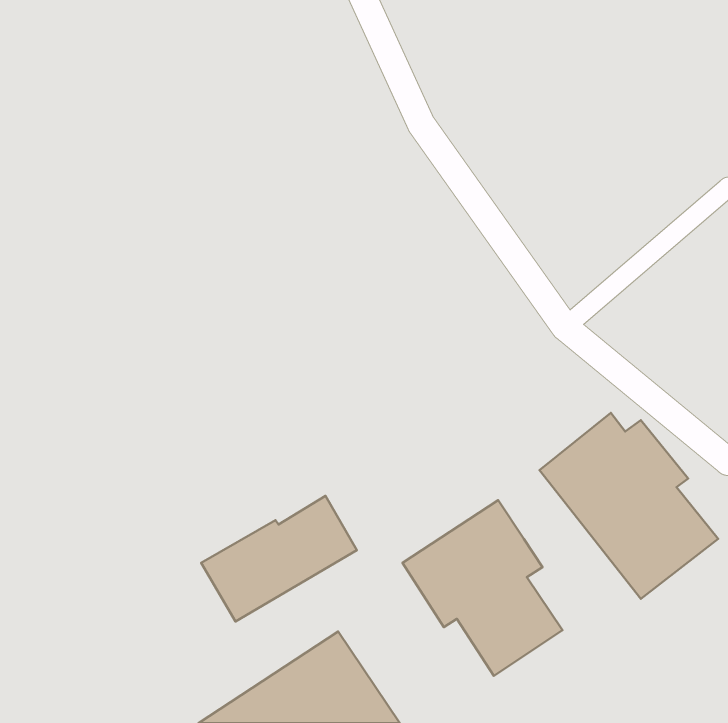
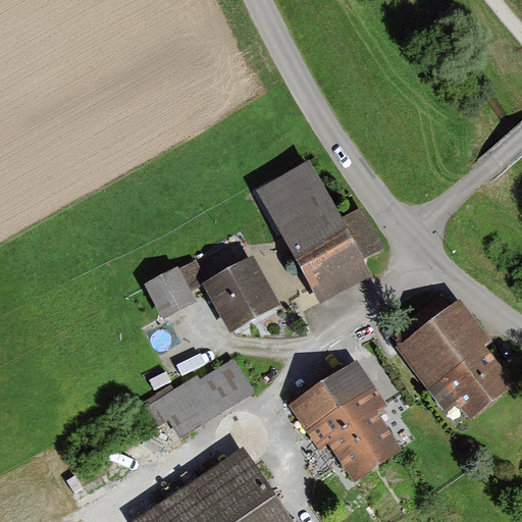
building: none -> [258,164,370,302]
building: none -> [202,257,279,333]
building: none -> [144,264,197,318]

